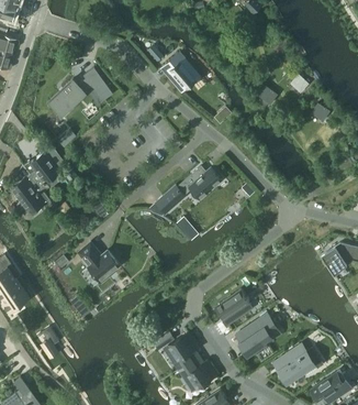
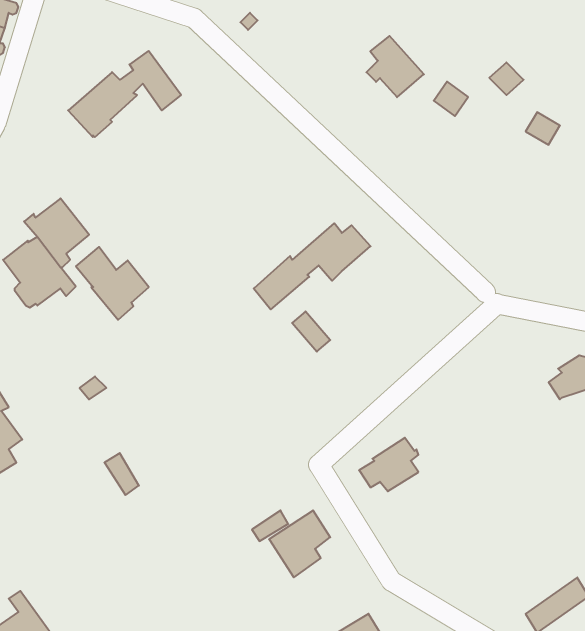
building: [166,53,199,88] -> [366,36,424,97]
building: [77,242,119,284] -> [76,247,149,320]
building: [234,311,281,355] -> none
building: [271,342,315,384] -> none
building: [177,359,217,392] -> none

